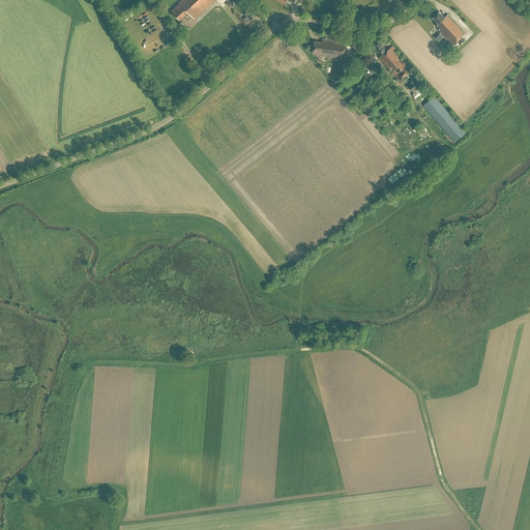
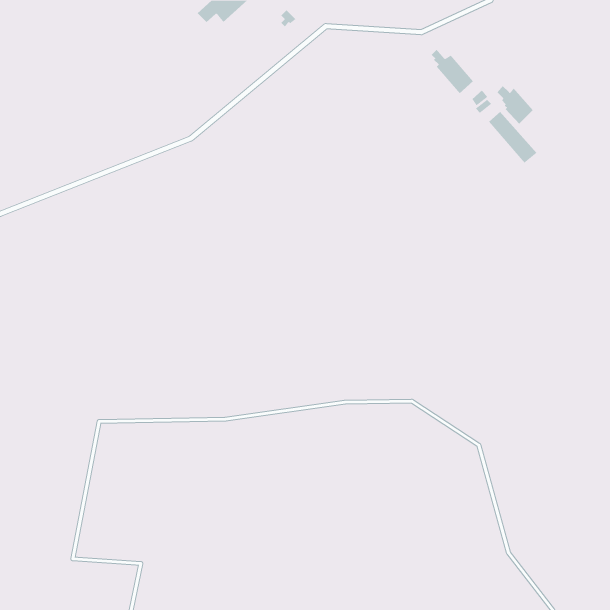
building: [433,12,465,47] -> [497,85,534,125]
building: [313,38,347,59] -> none

